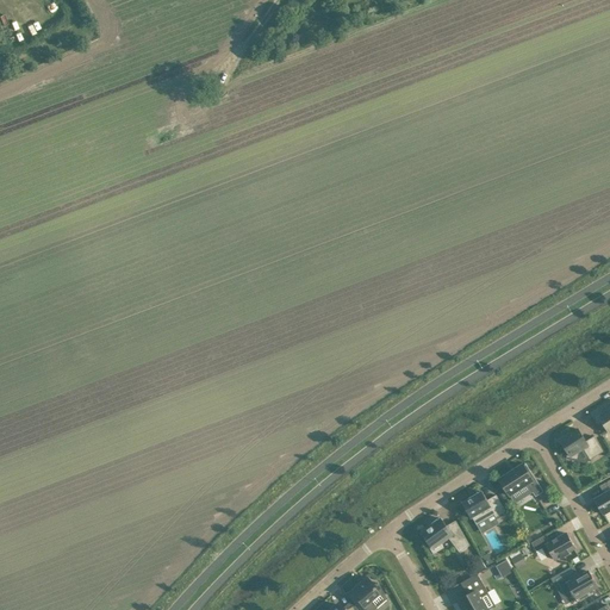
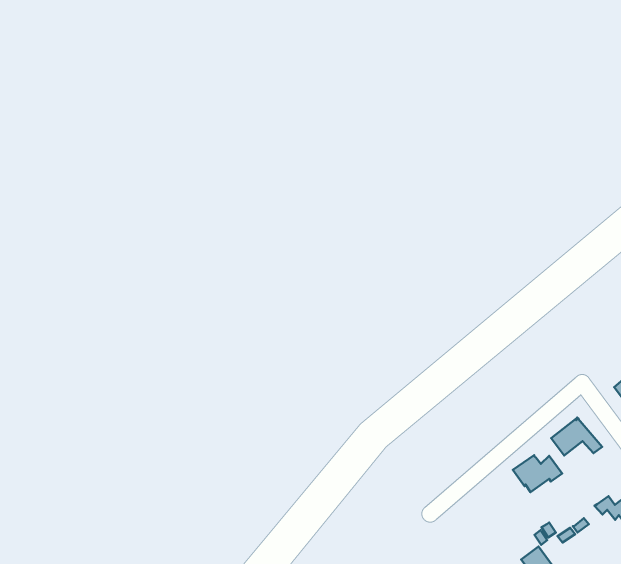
building: [419,518,468,554] -> none

